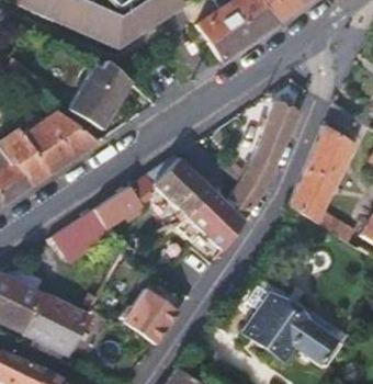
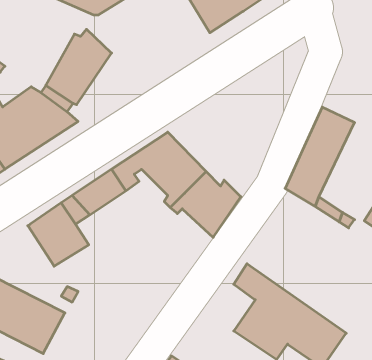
building: [233,100,297,213] -> none
building: [122,291,179,346] -> none

